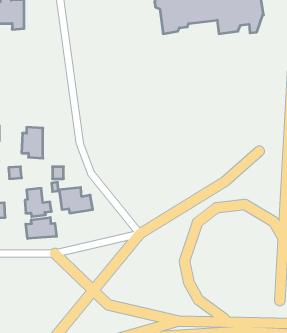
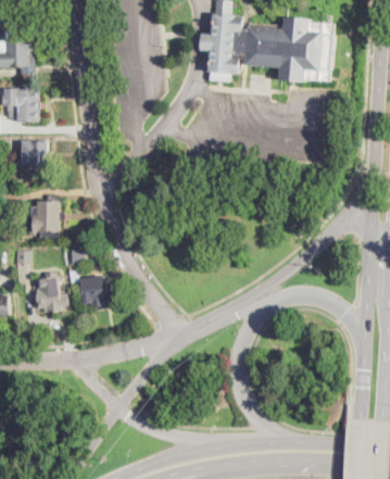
building: none -> [8,88,38,123]
building: none -> [20,141,48,176]
building: [26,217,57,239] -> none

